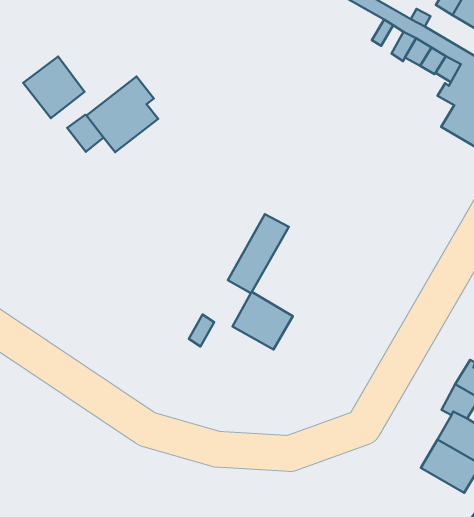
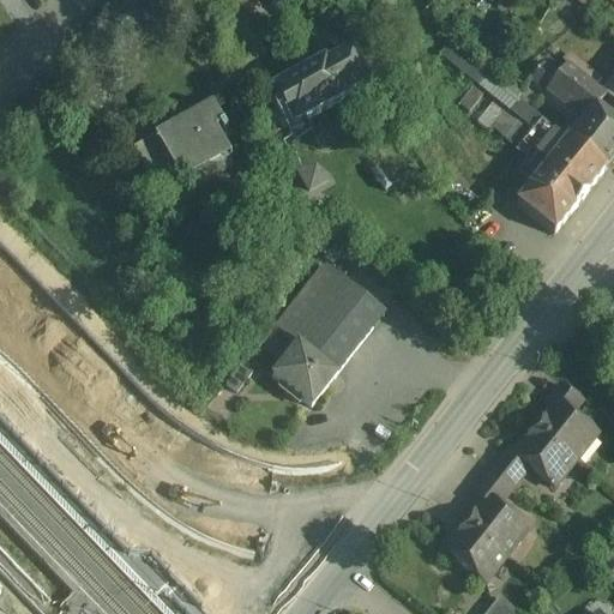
building: none -> [273,46,365,120]
building: [23,57,85,118] -> none
building: none -> [299,277,385,369]

